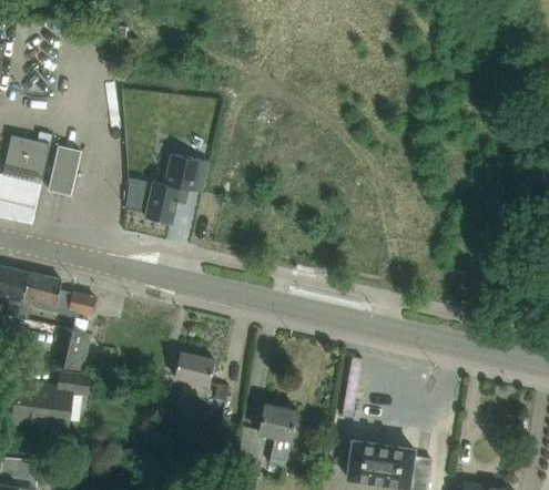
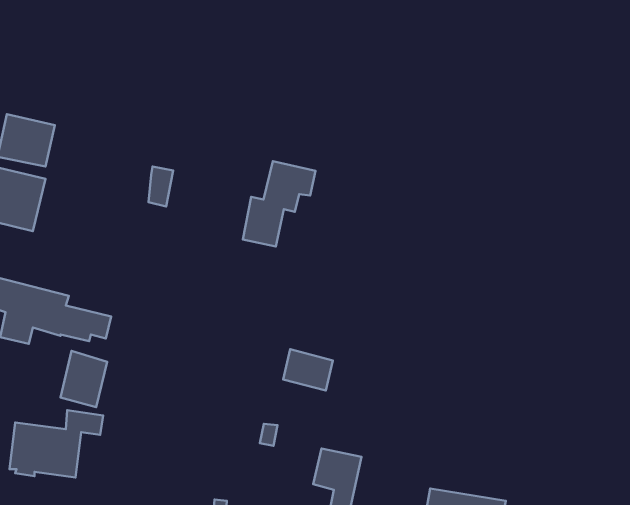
building: [49,146,81,195] -> none
building: [145,155,204,224] -> [243,161,316,246]
building: [174,353,214,386] -> [283,349,333,391]

